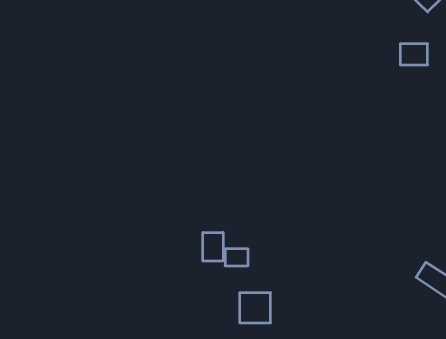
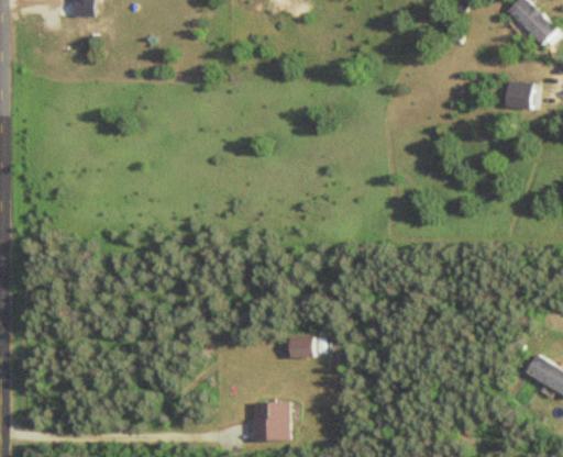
building: [203,232,223,261] -> none
building: [240,293,271,323] -> [253,403,291,441]

